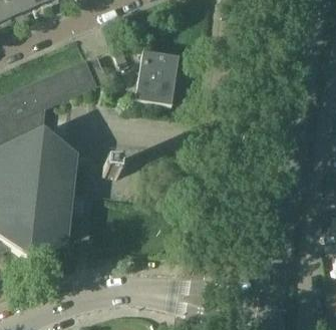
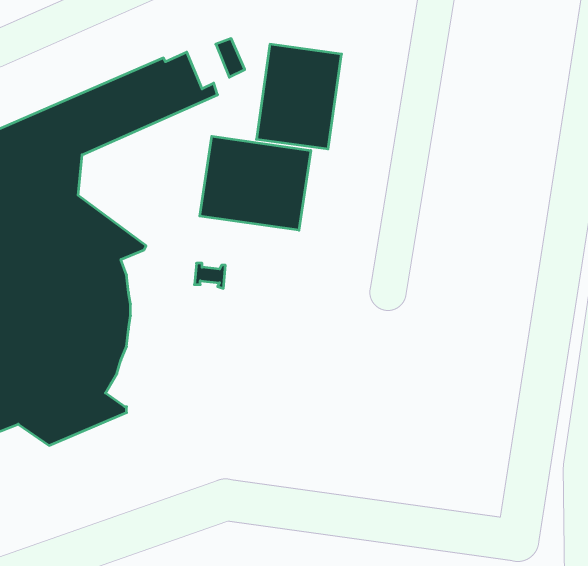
building: none -> [200,136,311,230]

